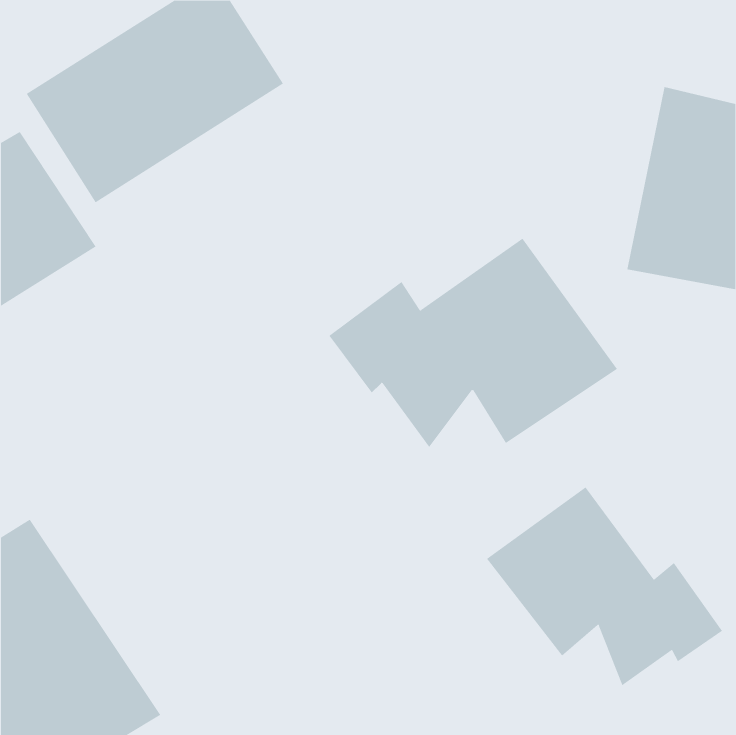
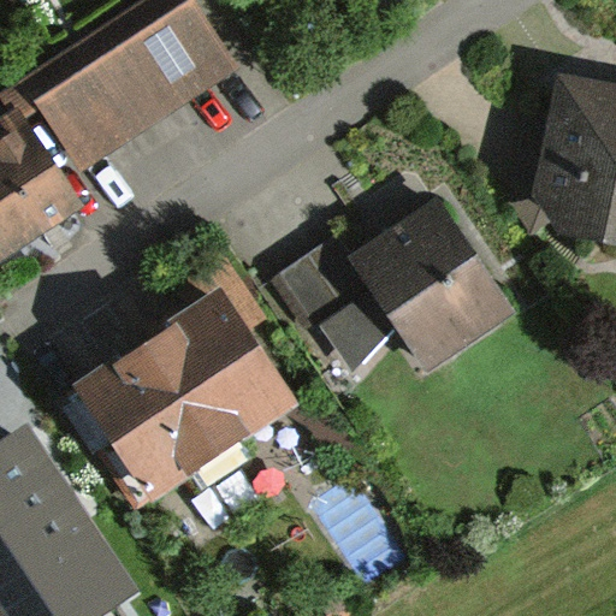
building: none -> [77,254,295,498]
building: [486,487,723,686] -> none

